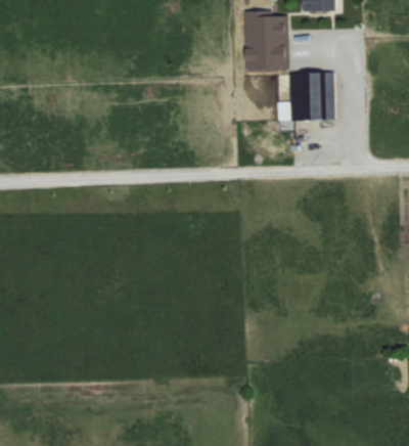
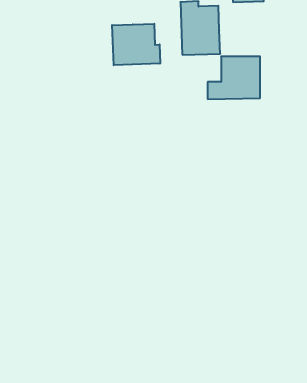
building: none -> [112,24,160,65]

